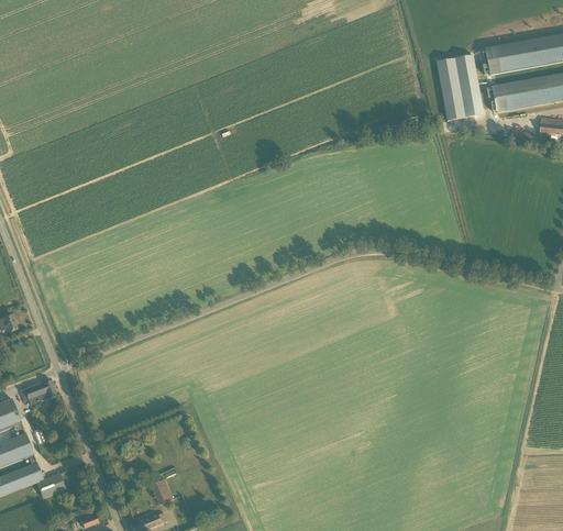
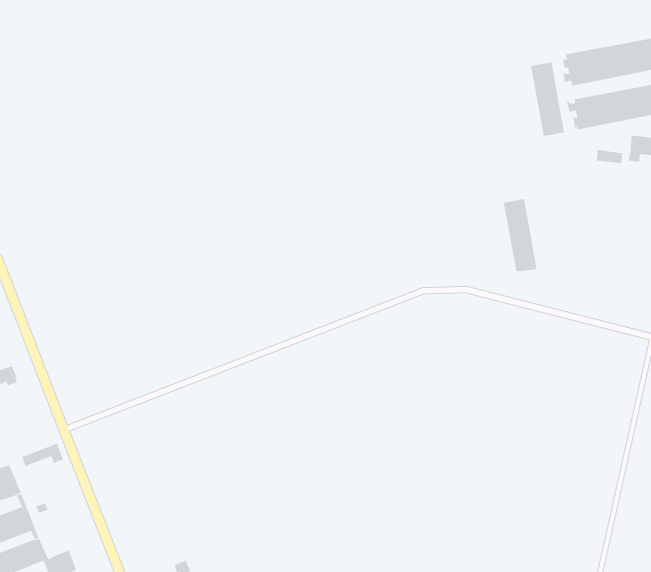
building: [437,57,466,120] -> [503,199,538,272]

